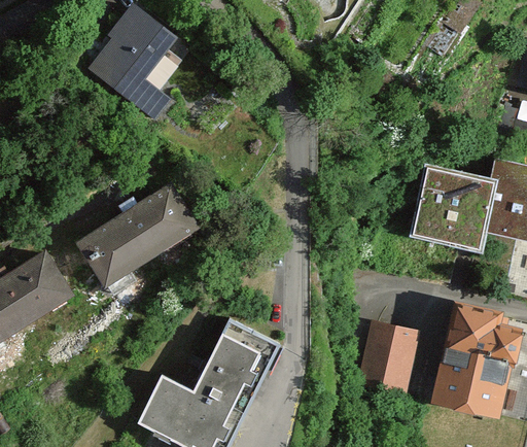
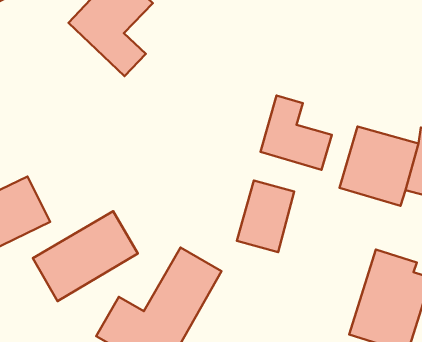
building: none -> [261,96,332,170]
building: [79,180,200,288] -> [33,211,138,301]
building: [356,320,418,401] -> [237,180,294,252]

